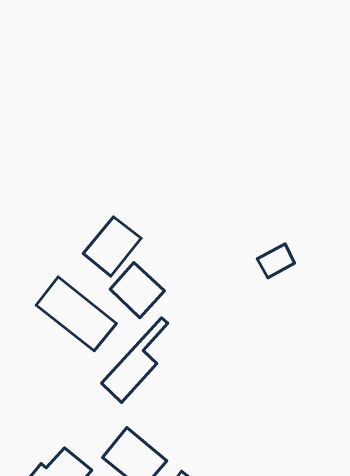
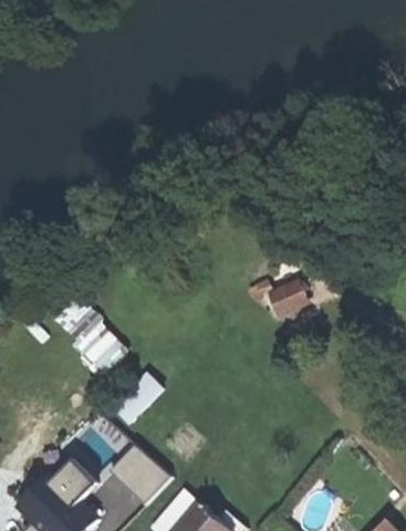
building: [83,217,141,276] -> none
building: [110,263,165,318] -> none

